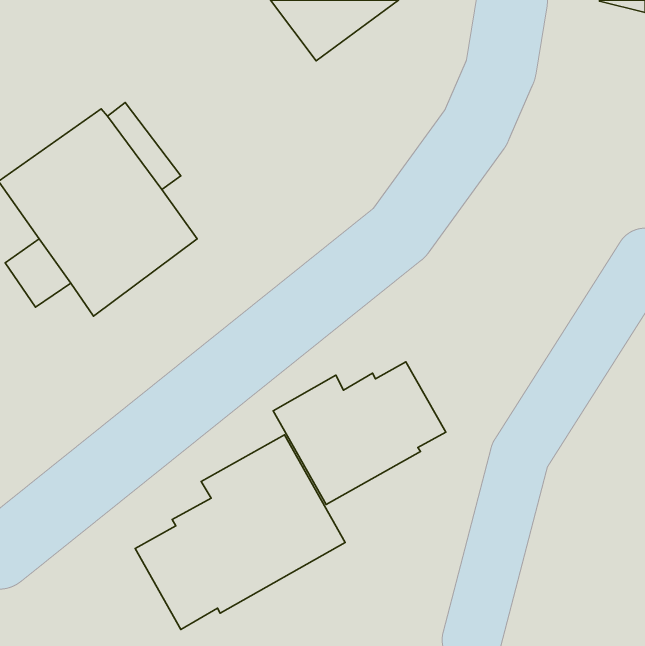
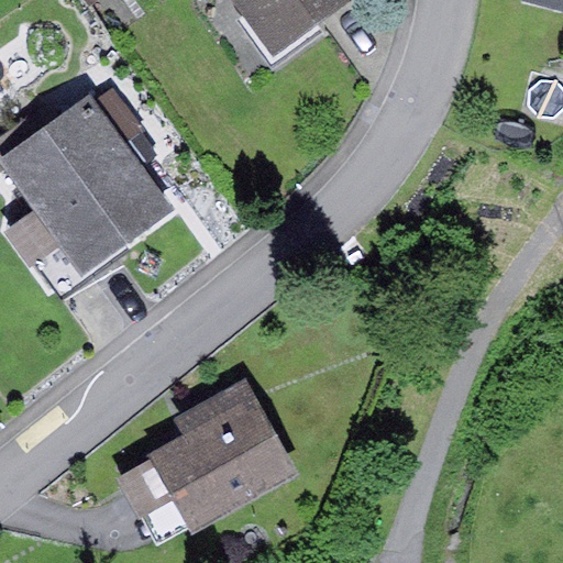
building: [273,362,446,505] -> none

